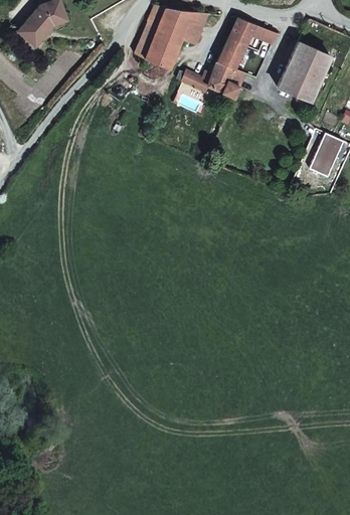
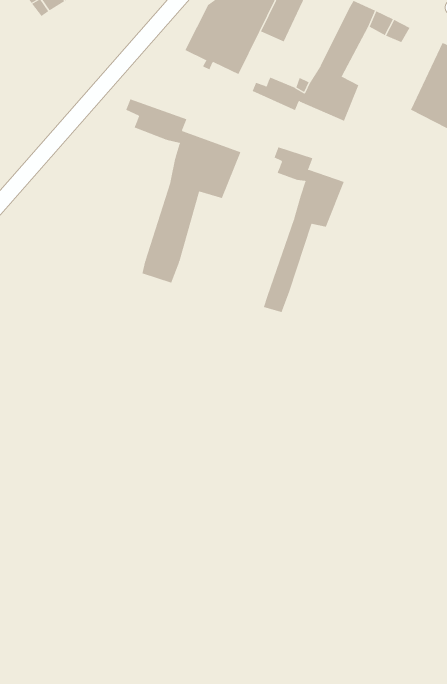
building: none -> [126,99,241,284]
building: none -> [263,146,344,313]

